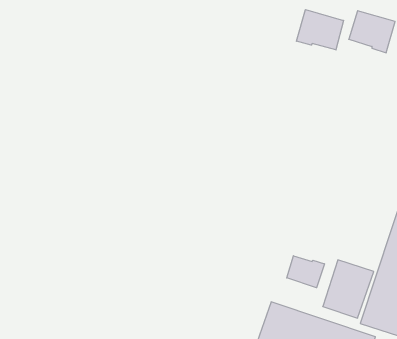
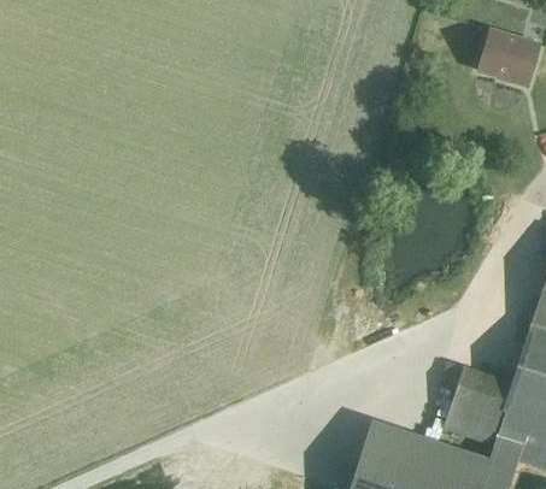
building: [296,10,344,50] -> none
building: [287,256,324,288] -> none

